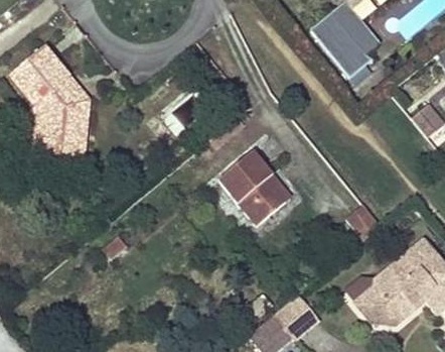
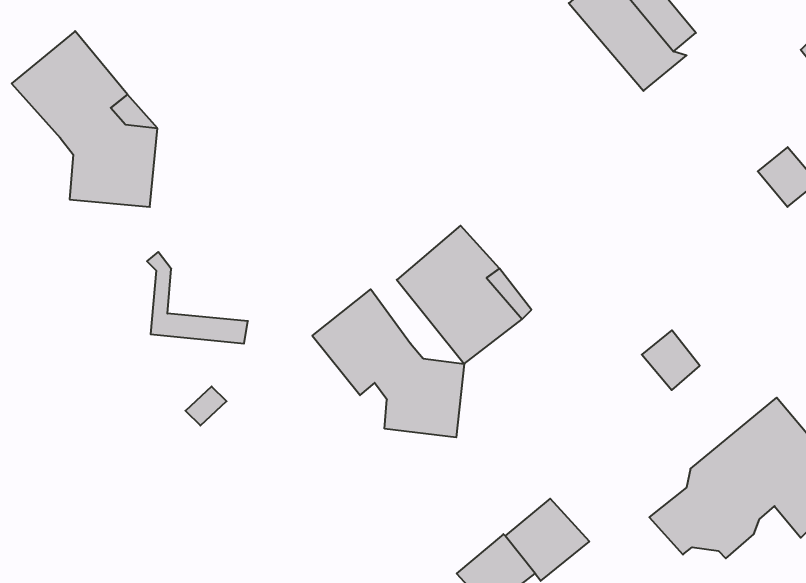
building: [31,101,86,150] -> [147,252,248,344]
building: none -> [312,289,464,437]

